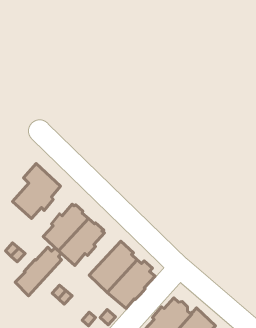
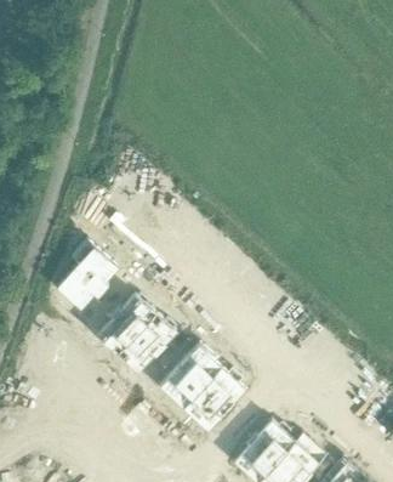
building: [15,247,61,296] -> none

